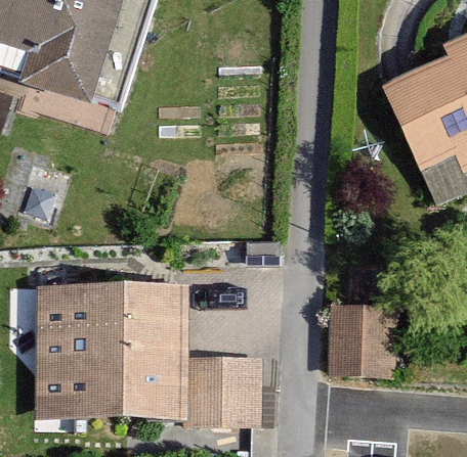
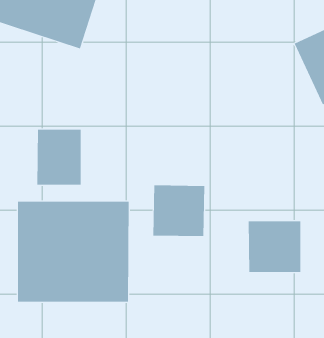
building: none -> [37,129,81,186]
building: [193,356,258,420] -> [153,185,205,237]

